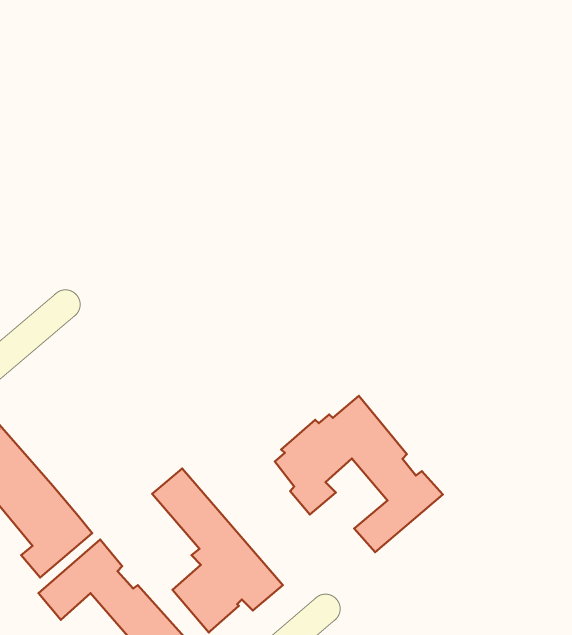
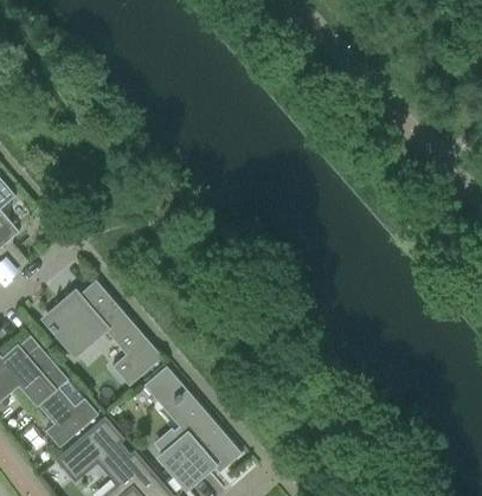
building: none -> [44,279,161,386]
building: [275,396,443,552] -> none

